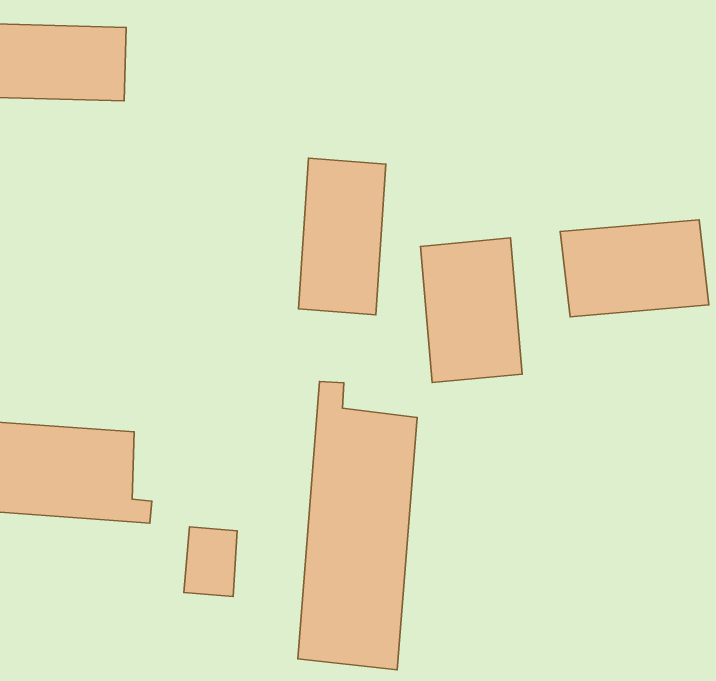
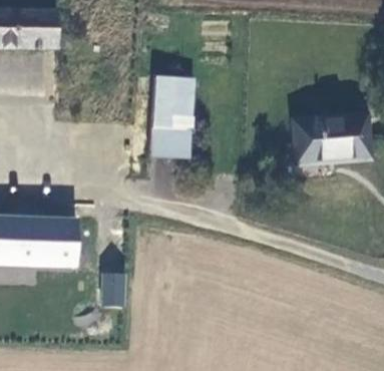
building: [420,238,522,383] -> none
building: [298,381,417,670] -> none

